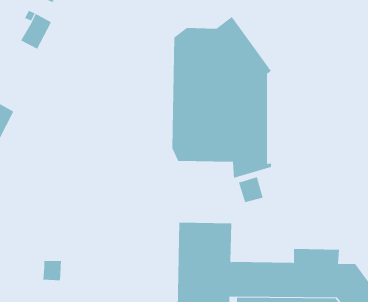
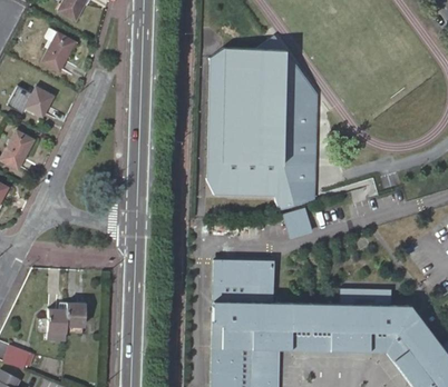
building: none -> [25,87,52,117]
building: none -> [47,309,66,337]

